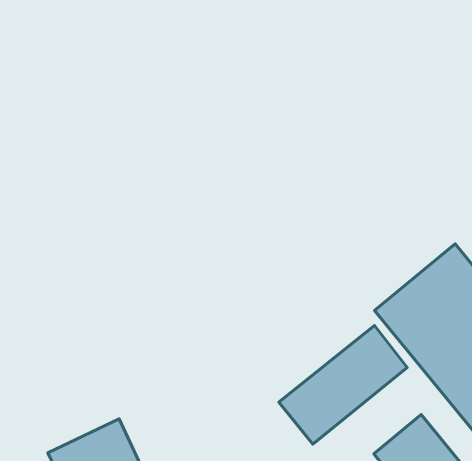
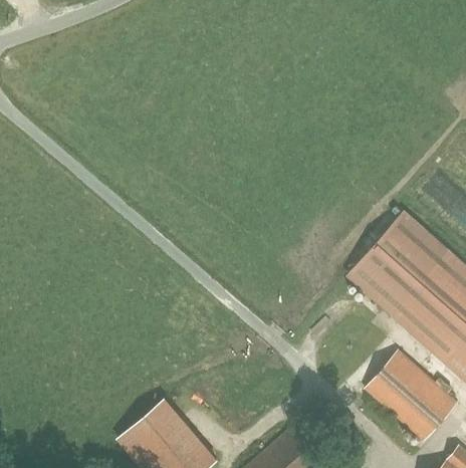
building: [279,325,407,444] -> none

